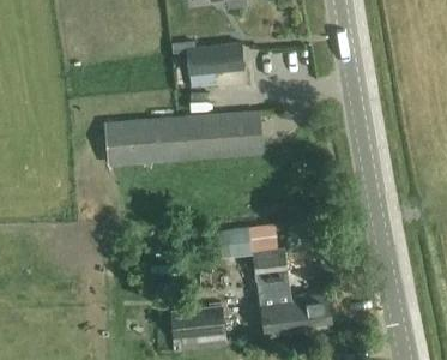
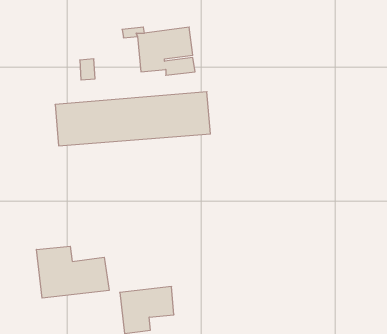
building: [215,223,331,337] -> none
building: none -> [36,246,109,298]

